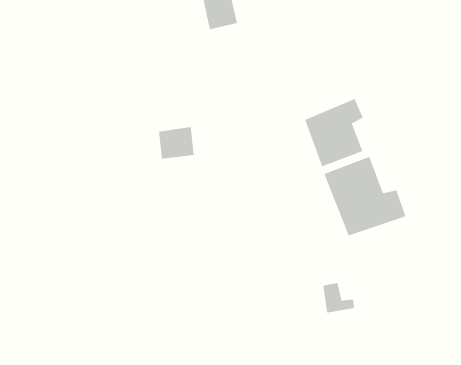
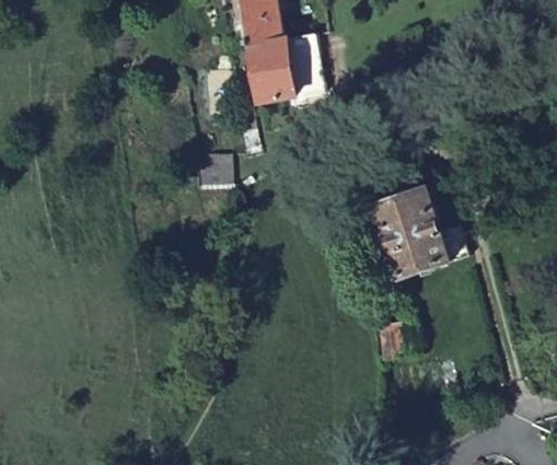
building: none -> [247,34,320,105]
building: [304,98,364,167] -> none

